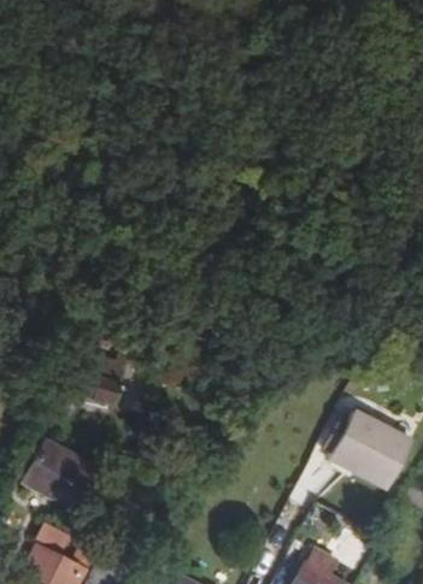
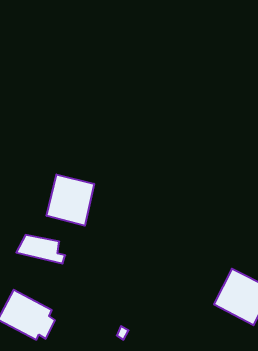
building: none -> [47,174,94,226]

